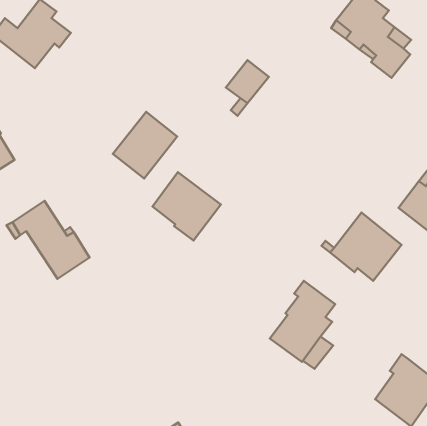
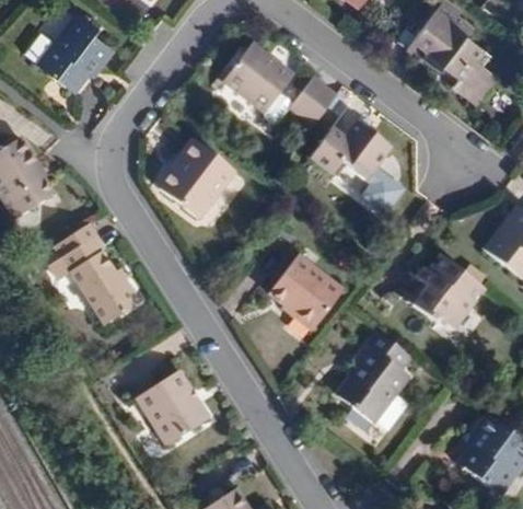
building: none -> [223,42,294,112]
building: none -> [311,120,400,213]
building: [153,172,221,241] -> [268,253,345,329]
building: none -> [139,370,208,442]

